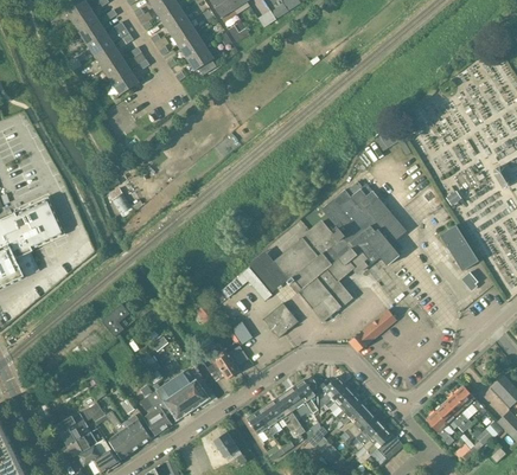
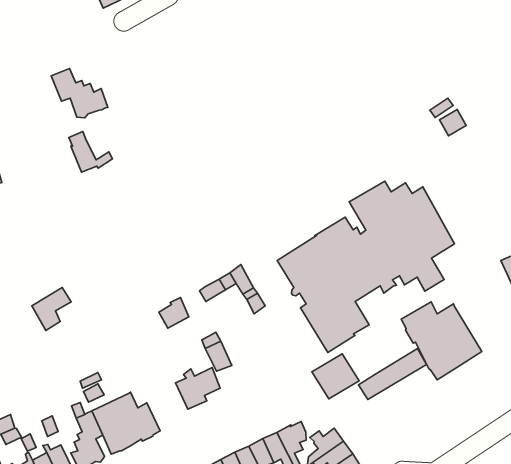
building: none -> [51,69,108,118]
building: [249,249,291,291] -> none
building: none -> [401,302,482,380]
building: [263,306,299,340] -> [312,354,359,399]

